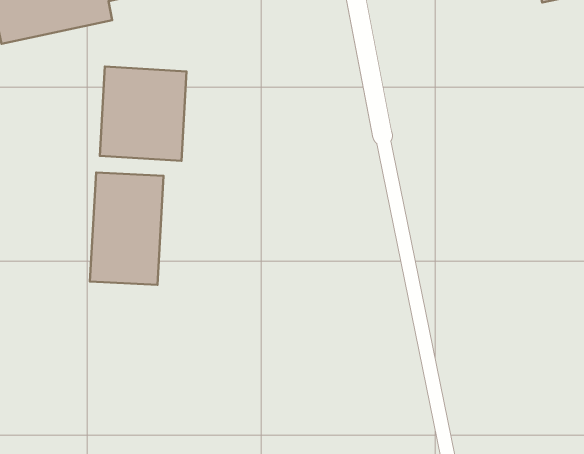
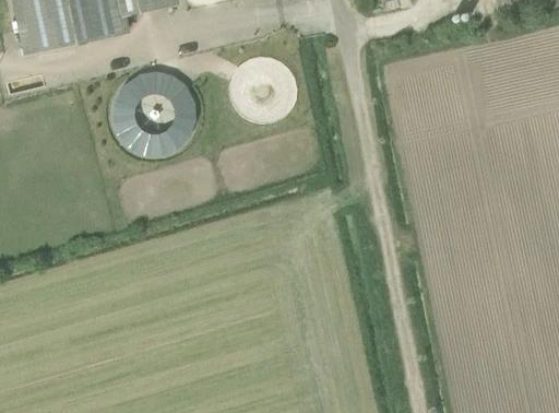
building: [90,173,164,285] -> none

